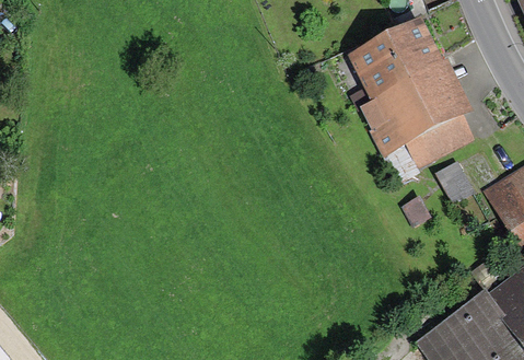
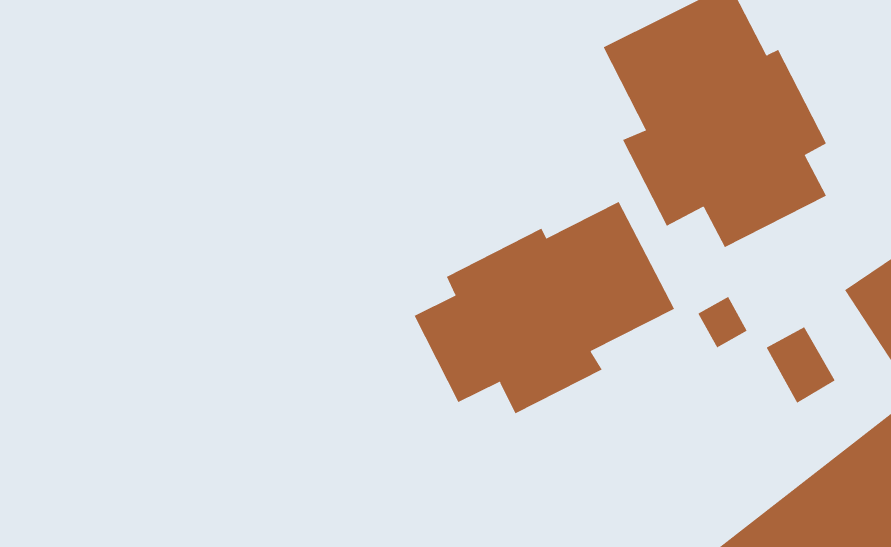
building: none -> [414,201,675,414]
building: [435,161,475,205] -> [766,326,835,404]

